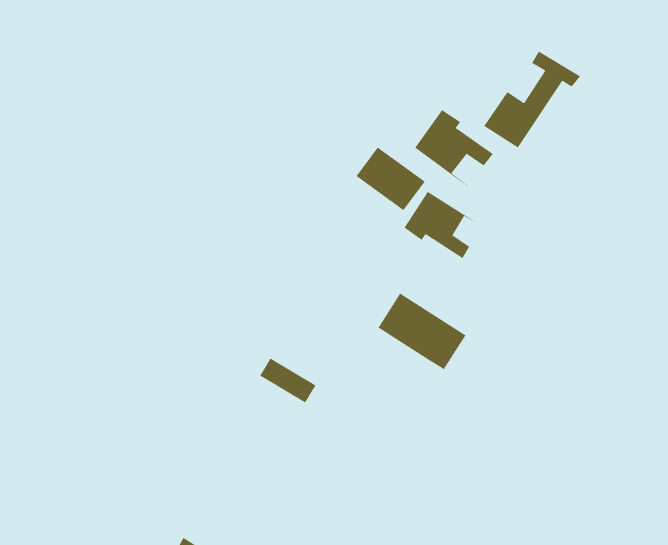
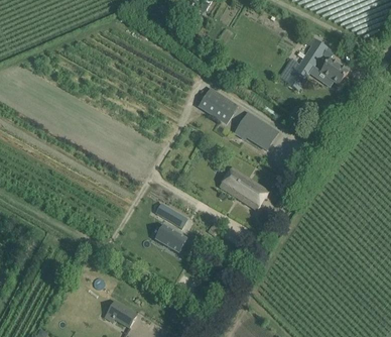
building: none -> [319,59,348,87]
building: [414,109,494,188] -> none
building: none -> [153,224,186,253]

